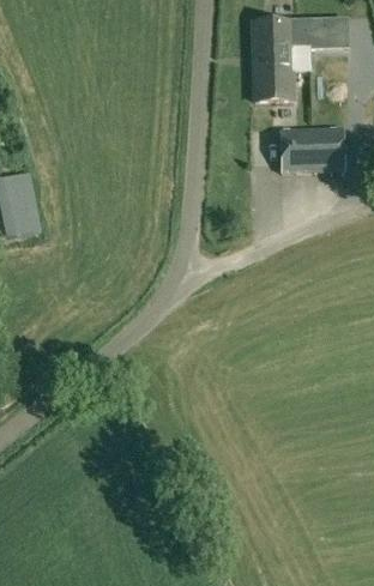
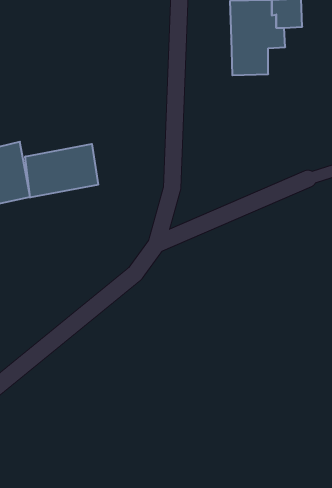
building: [280,126,345,171] -> none
building: none -> [25,144,98,198]

